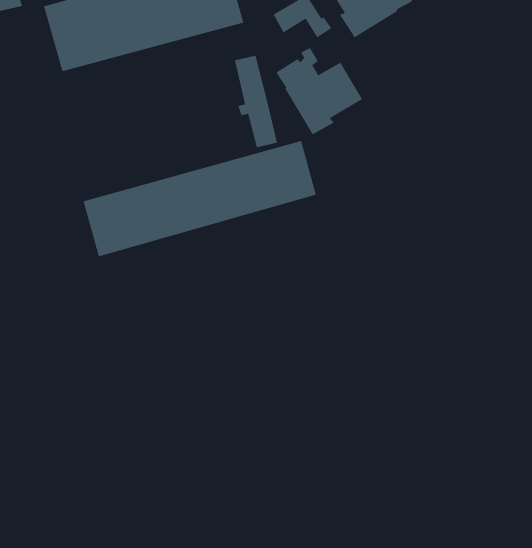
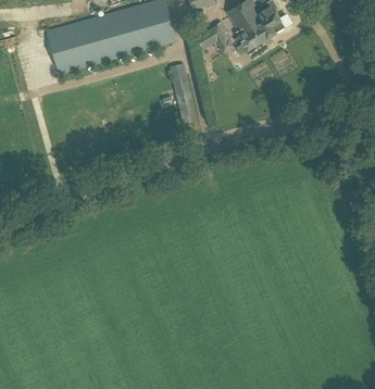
building: [275,47,363,135] -> none
building: [83,140,317,257] -> none

